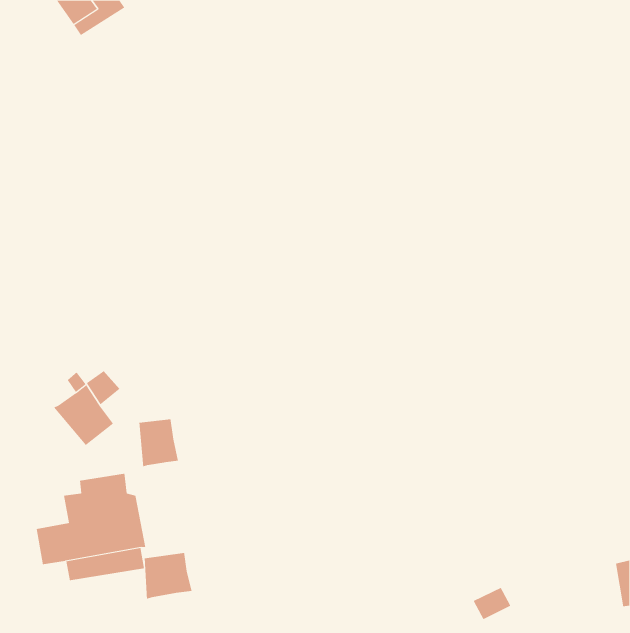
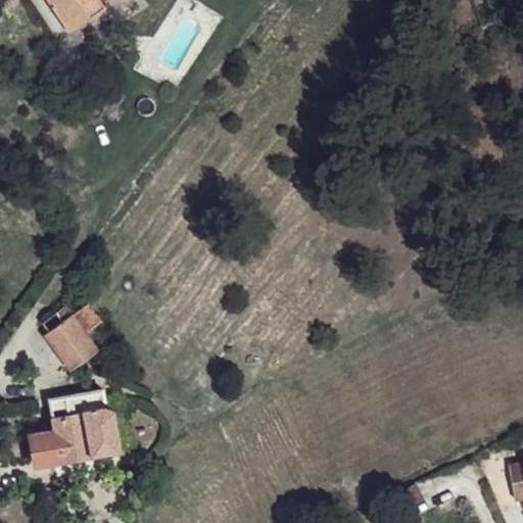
building: [139,419,178,467] -> none
building: [144,552,192,599] -> none

